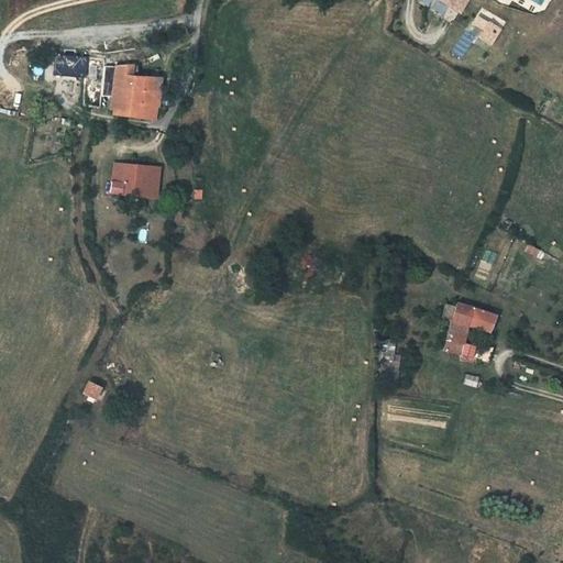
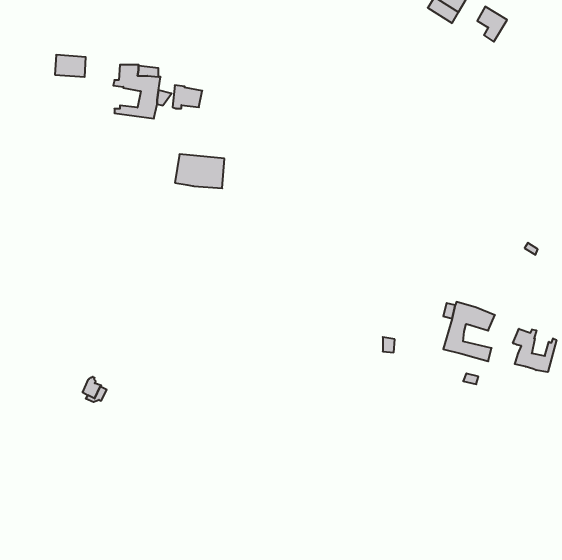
building: [111,86,141,109] -> [173,85,202,108]
building: [110,163,159,197] -> [175,154,224,188]
building: none -> [513,329,556,372]

